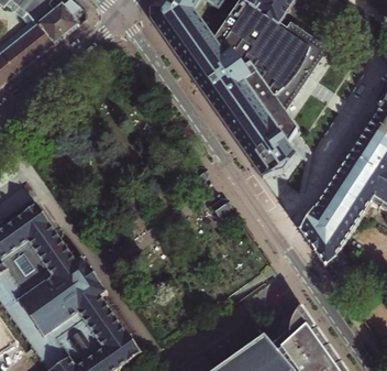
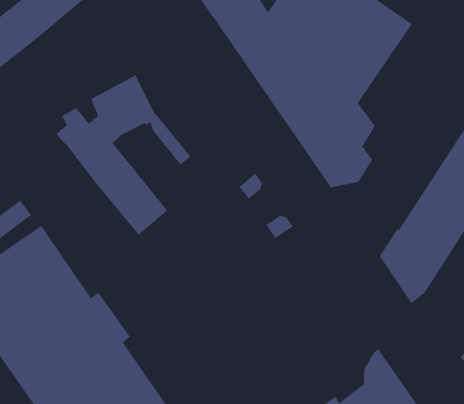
building: none -> [55,74,192,236]

